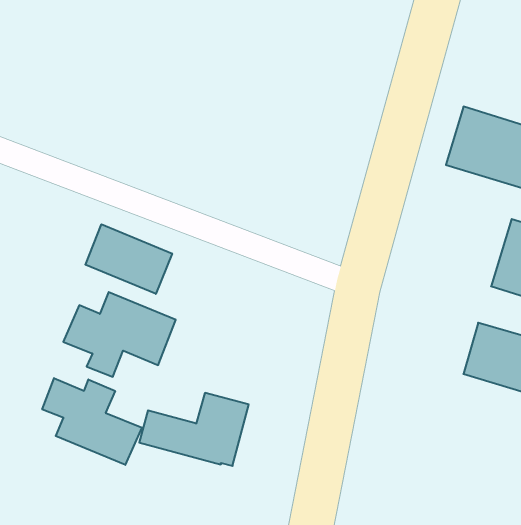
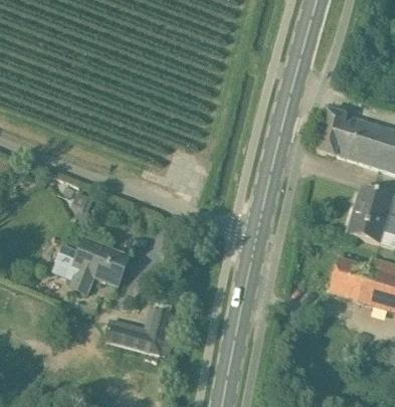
building: [85,224,172,294] -> none
building: [42,378,142,465] -> none

